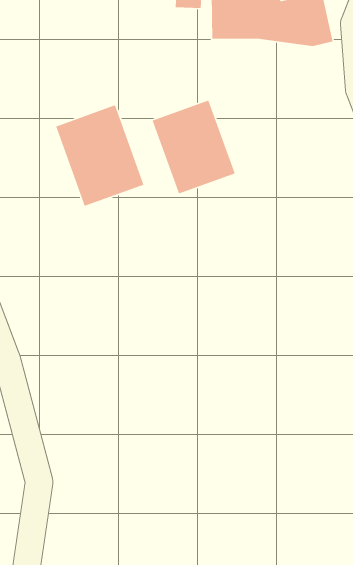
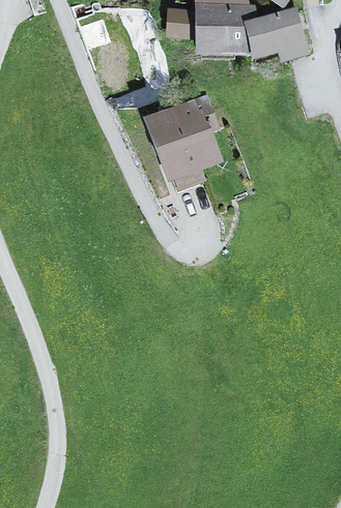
building: [55,104,144,207] -> none

